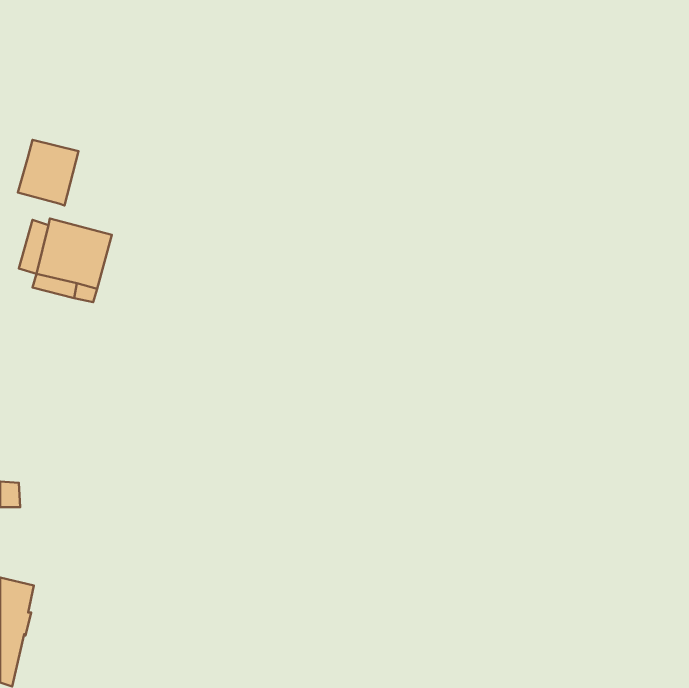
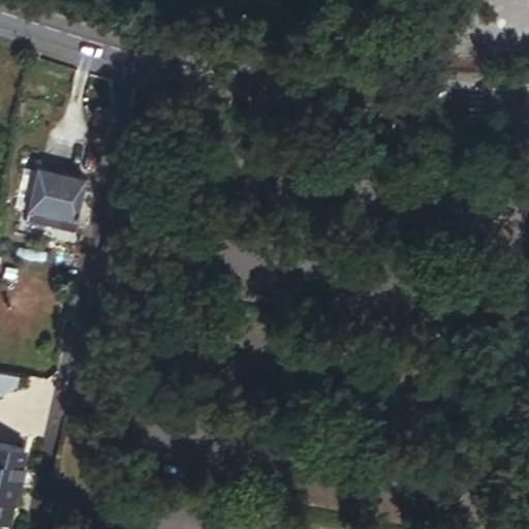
building: [18,140,79,205] -> none

